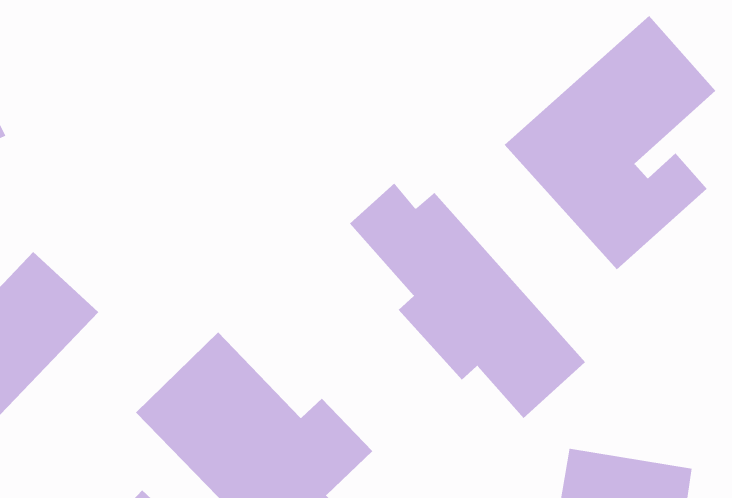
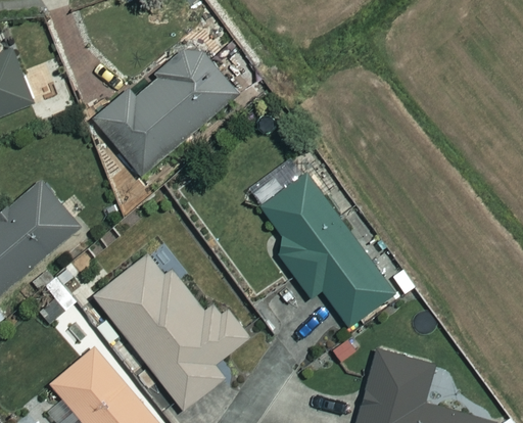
building: [504,15,716,270] -> none
building: none -> [94,44,237,174]

